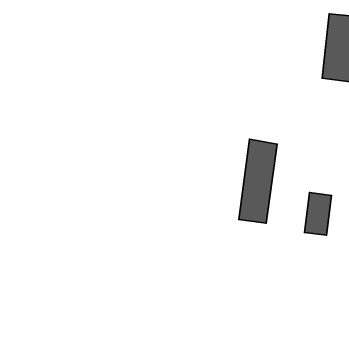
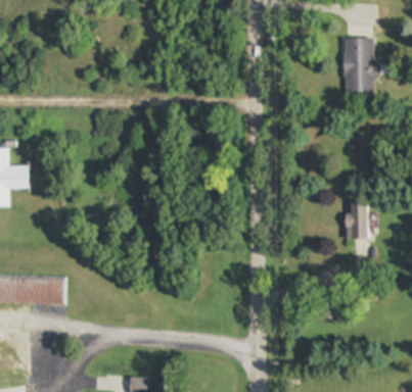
building: [239,139,277,223] -> none

